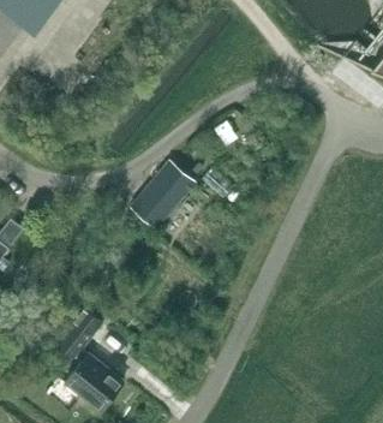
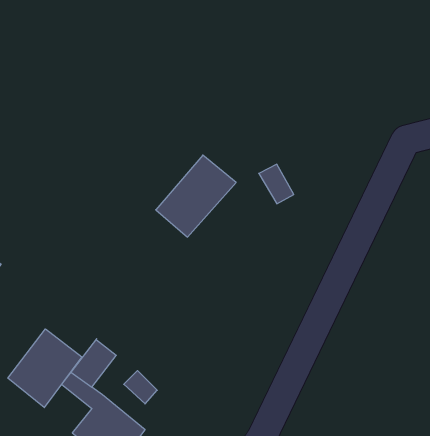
building: none -> [8,329,82,408]

